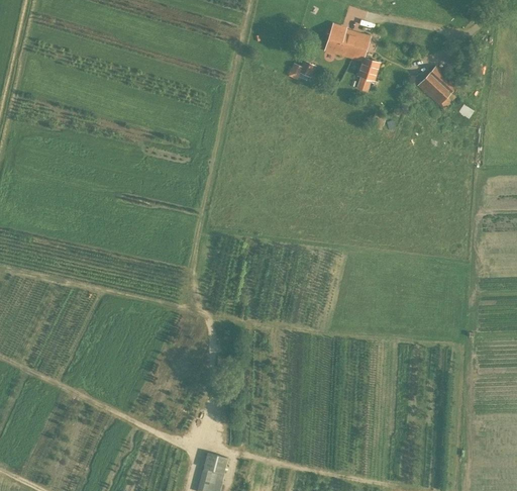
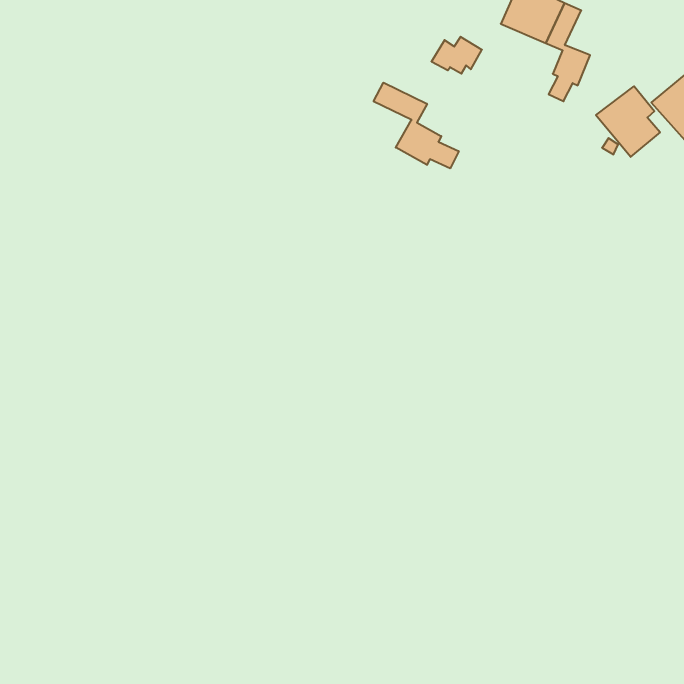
building: none -> [596,86,660,157]
building: none -> [374,83,459,168]

